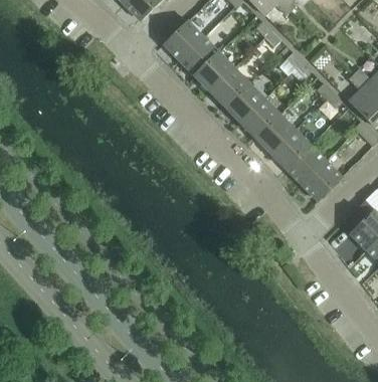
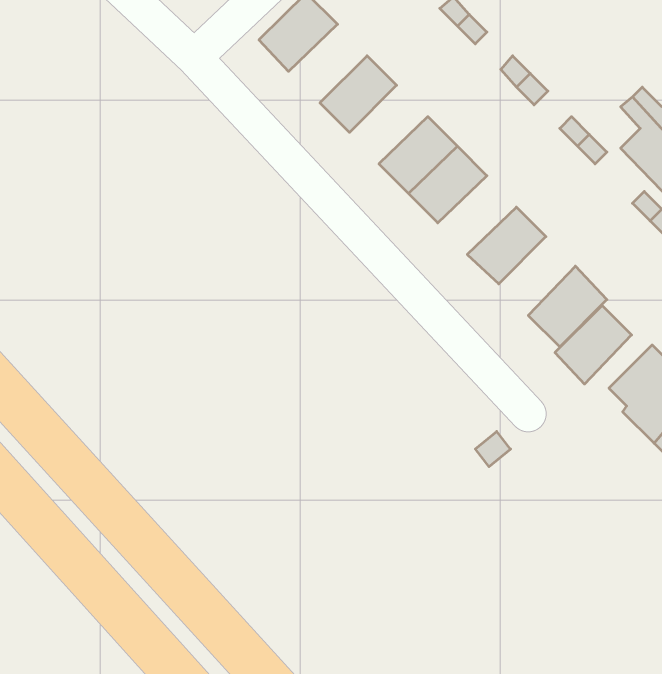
building: [179,36,219,76] -> none
building: [210,67,250,108] -> none
building: [255,114,296,154] -> none
building: [287,145,326,185] -> [555,305,632,384]

